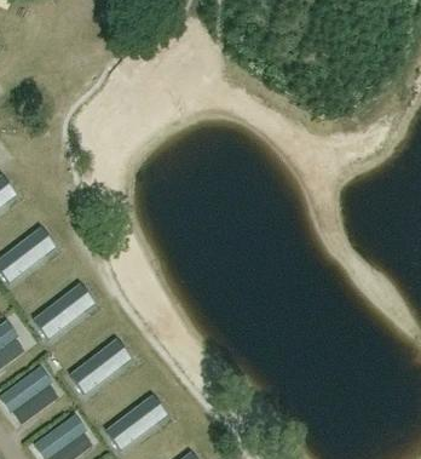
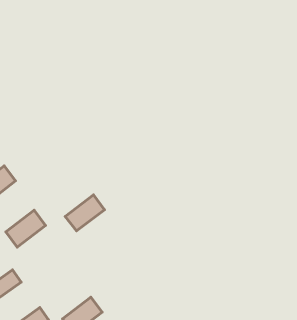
building: [70,346,121,392] -> [65,195,105,231]

